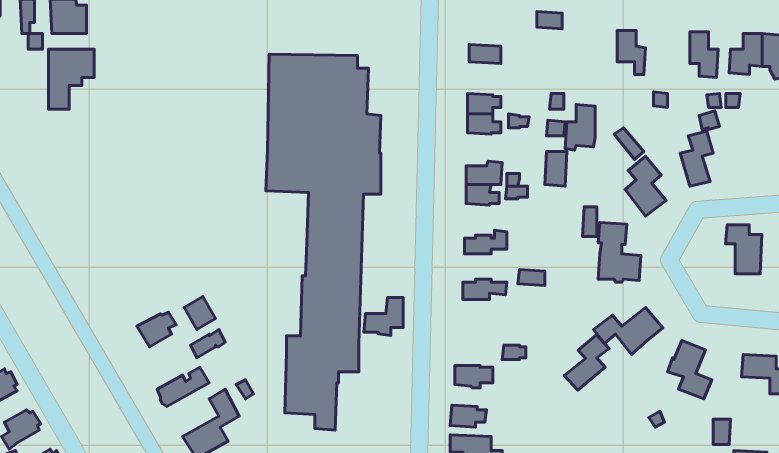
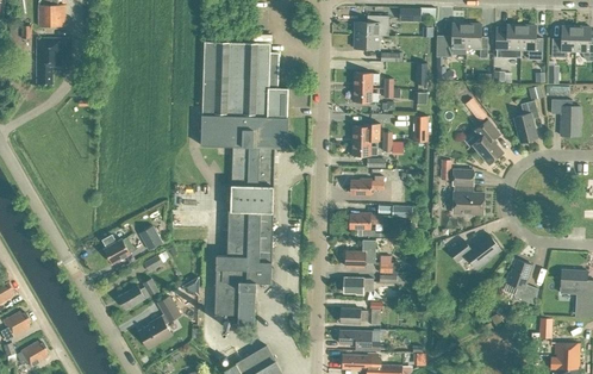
building: none -> [355,15,389,36]
building: none -> [497,25,522,57]
building: [565,104,595,150] -> [444,23,467,57]
building: [726,225,762,274] -> [554,99,581,136]
building: [364,298,403,335] -> [345,239,375,268]
building: [564,335,609,390] -> none

